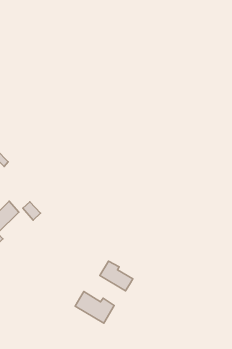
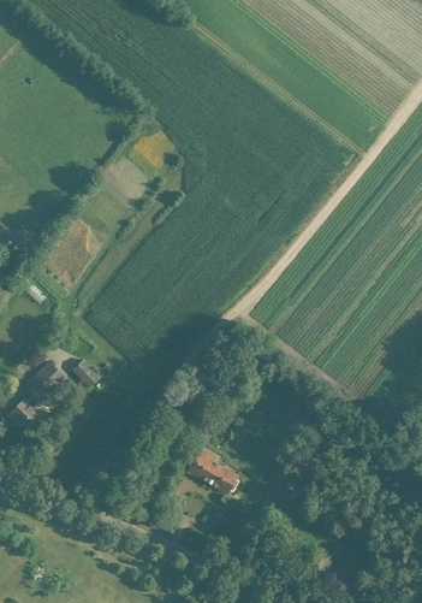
building: [75,292,114,323] -> none

